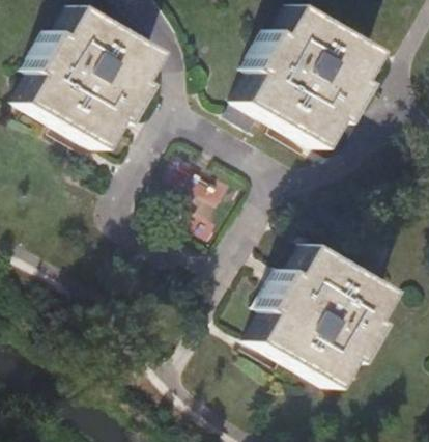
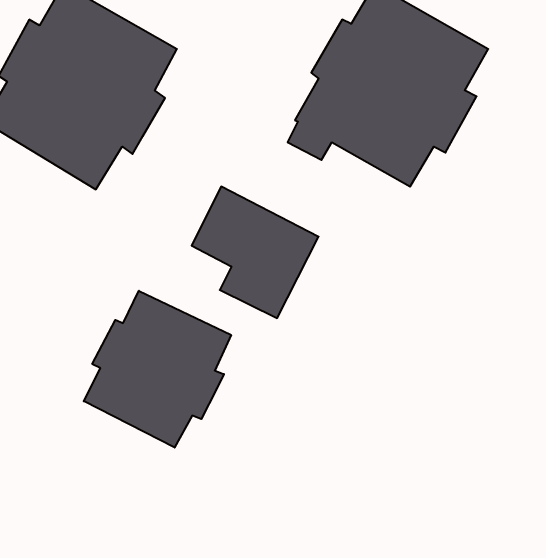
building: none -> [84,291,231,448]
building: [259,245,398,388] -> none

